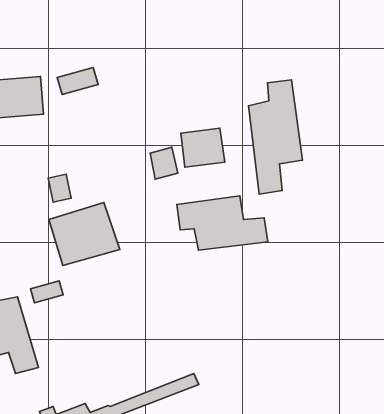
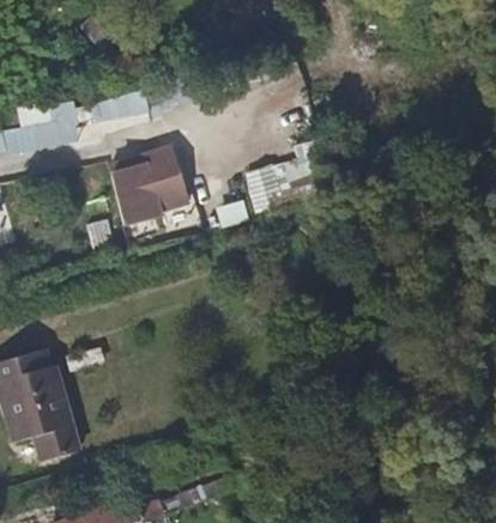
building: [248,80,303,194] -> none
building: [177,196,268,250] -> none
building: [49,203,120,265] -> [111,156,196,231]

